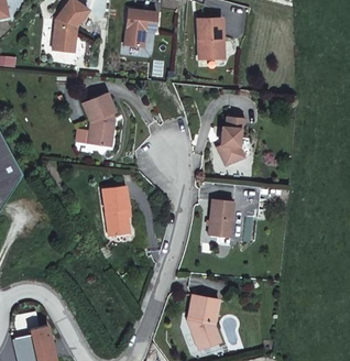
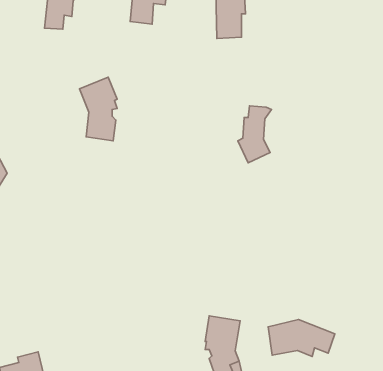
building: [102,185,130,236] -> none
building: [209,199,233,238] -> none
building: none -> [268,320,335,357]

